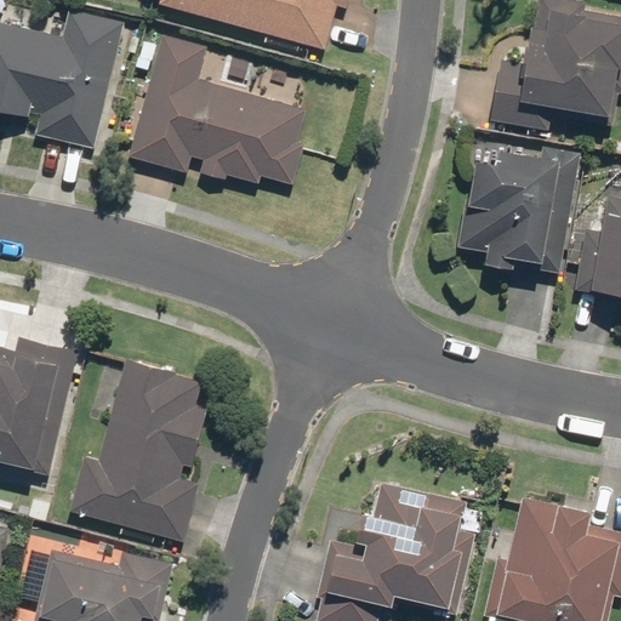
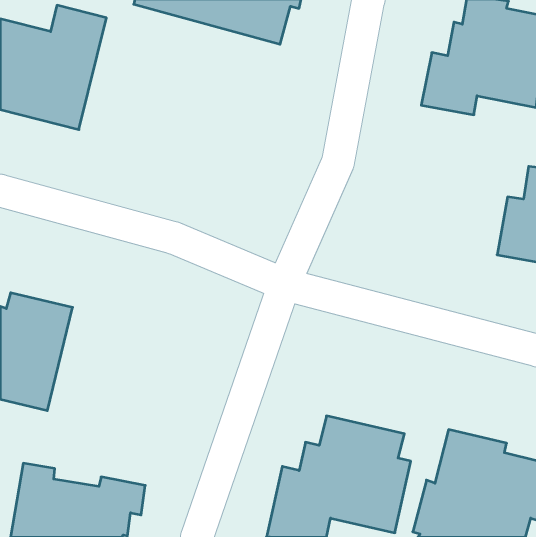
building: [127,33,306,187] -> none
building: [455,146,582,272] -> none
building: [67,360,210,541] -> none

